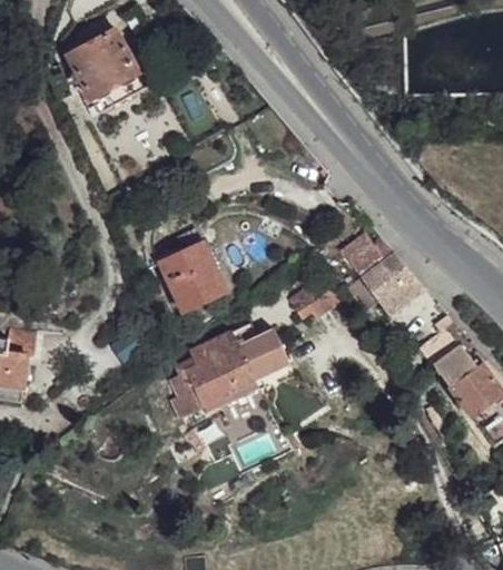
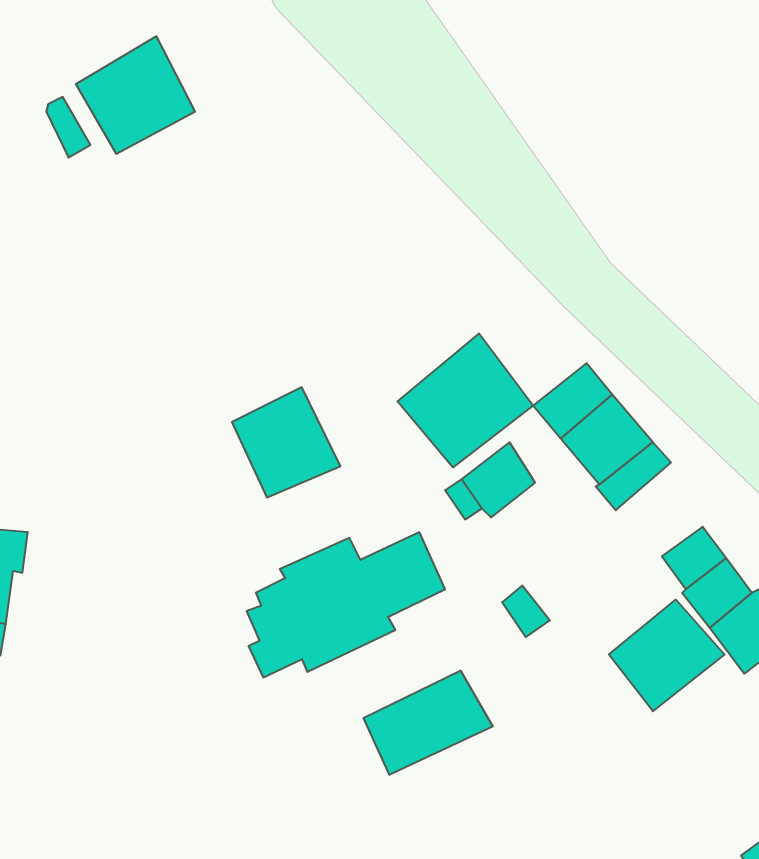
building: none -> [397,333,533,467]
building: none -> [609,600,725,711]
building: none -> [364,671,493,775]

